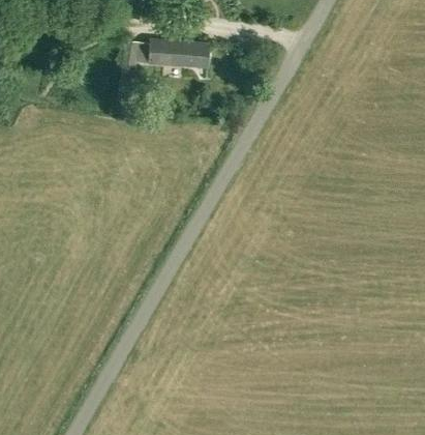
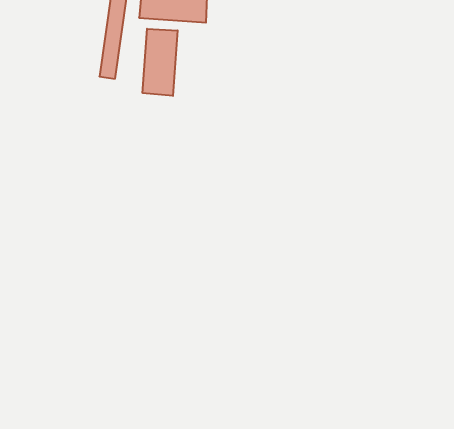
building: none -> [143,29,178,96]

